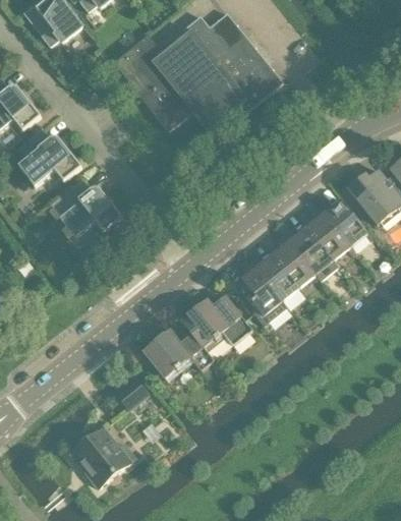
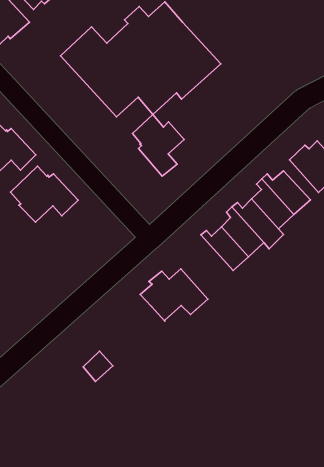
building: none -> [133,115,184,176]
building: [232,262,286,326] -> none
building: [144,328,214,381] -> none
building: [70,426,135,487] -> none

